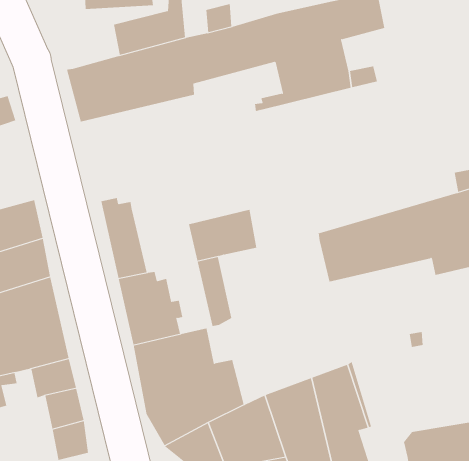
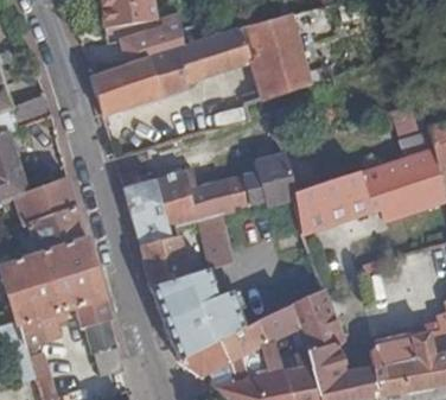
building: none -> [240,153,294,205]
building: none -> [148,169,200,228]

